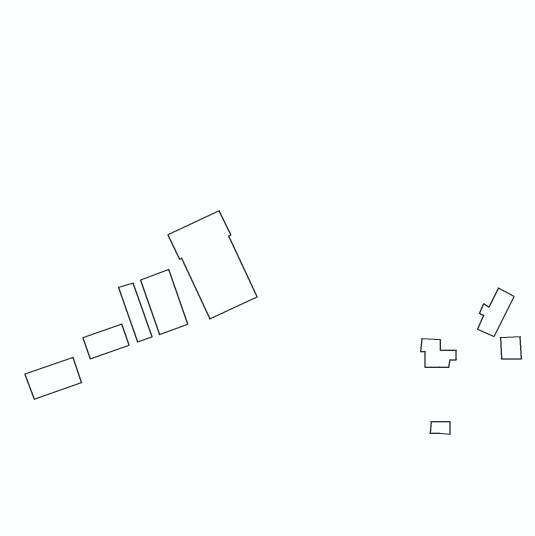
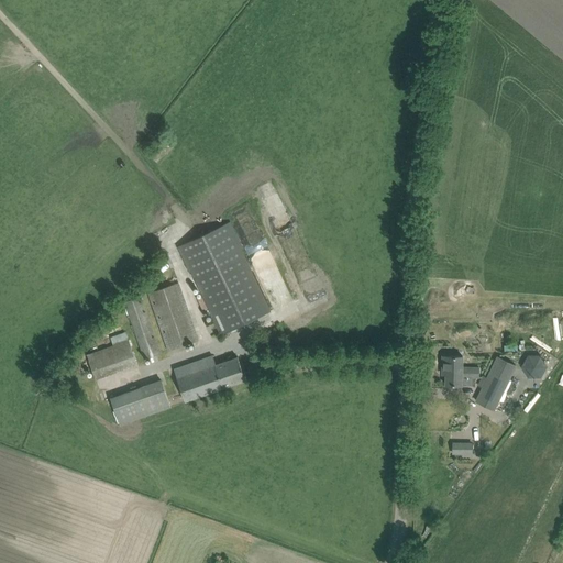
building: [477,288,514,336] -> [475,358,514,409]
building: none -> [176,357,245,401]
building: [25,357,82,399] -> [110,380,169,424]

